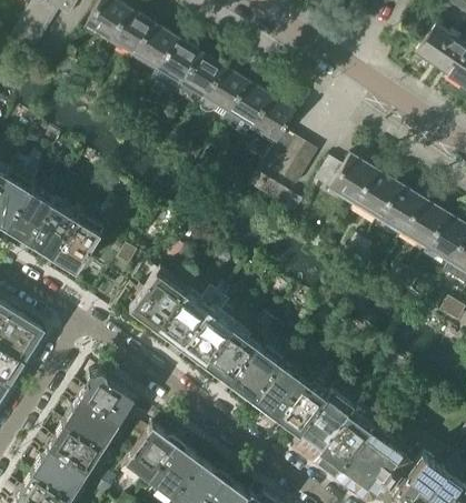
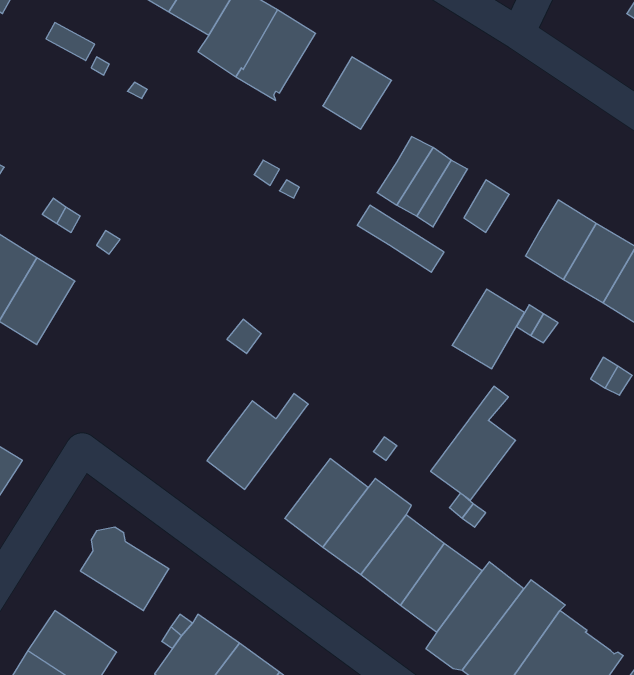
building: [199,68,247,121] -> none
building: [250,97,296,147] -> none
building: [329,155,374,204] -> [452,289,525,369]
building: [53,220,100,272] -> none
building: [129,272,186,330] -> none
building: [181,295,234,365] -> [431,386,516,500]
building: [65,398,119,447] -> none

